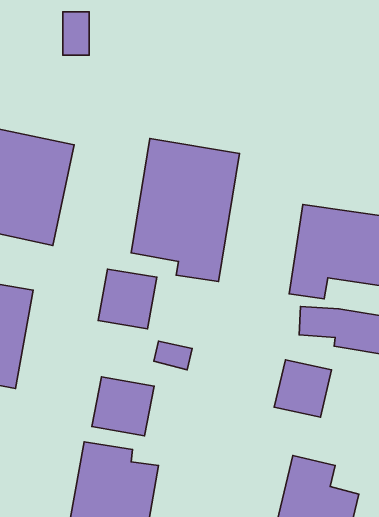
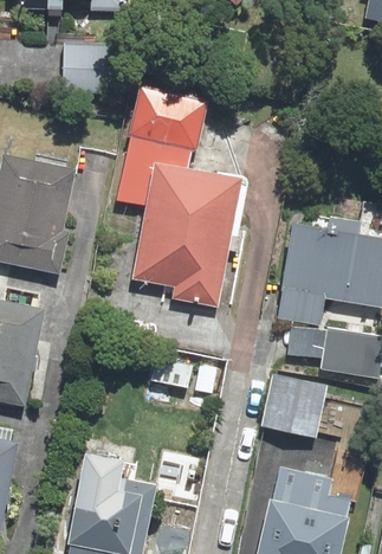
building: none -> [132,91,203,143]
building: [98,269,157,329] -> none
building: [92,377,154,436] -> none

